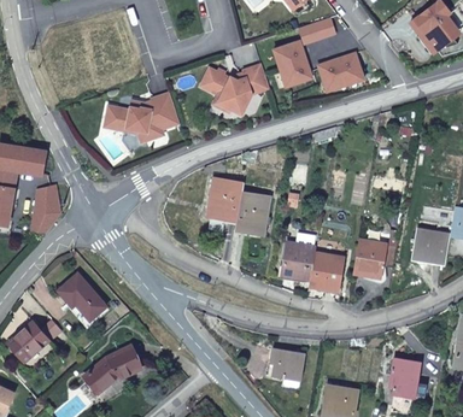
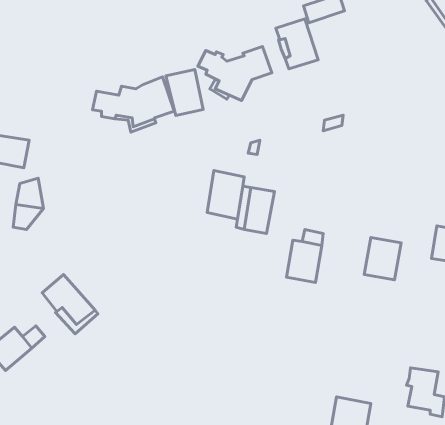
building: [316,52,362,90] -> none
building: none -> [166,70,203,116]
building: [309,253,342,290] -> none
building: [83,347,141,393] -> none
building: [271,350,305,388] -> none

